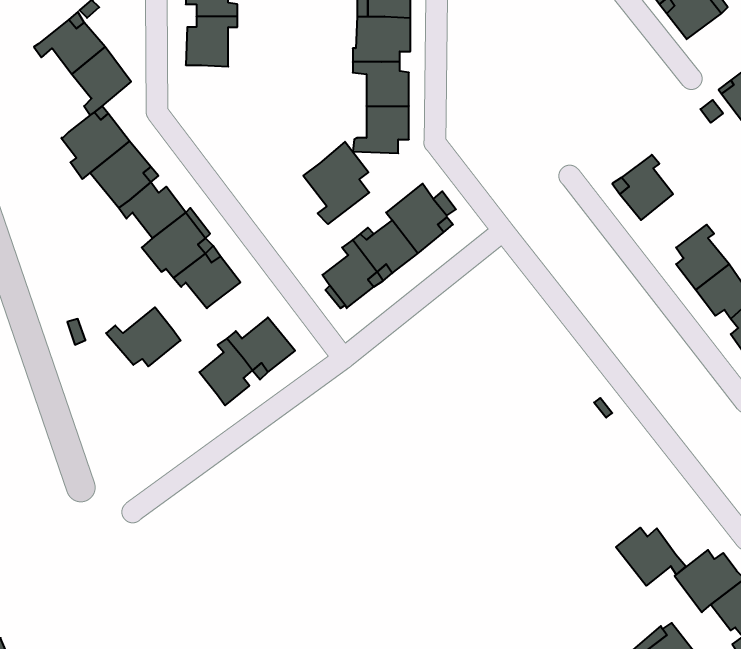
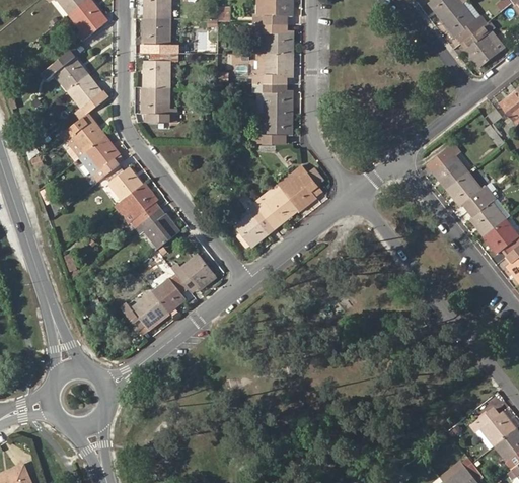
building: none -> [143,85,176,122]
building: [303,142,369,224] -> none
building: none -> [447,171,496,207]
building: [106,307,181,366] -> [120,290,169,330]
building: [616,528,686,586] -> none

